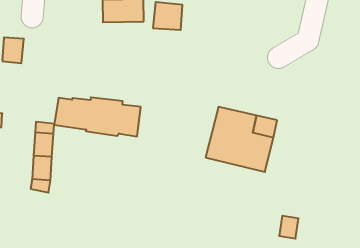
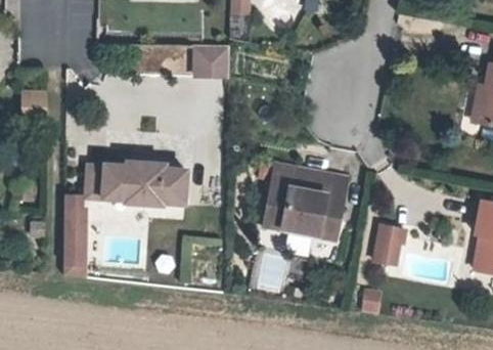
building: none -> [369,221,403,264]

